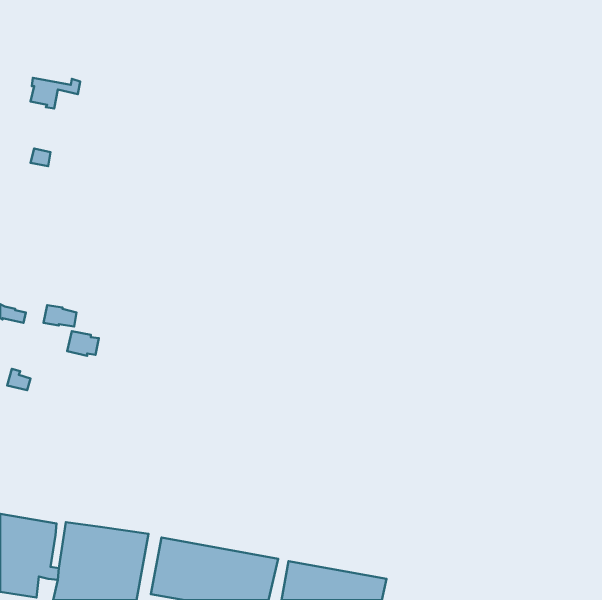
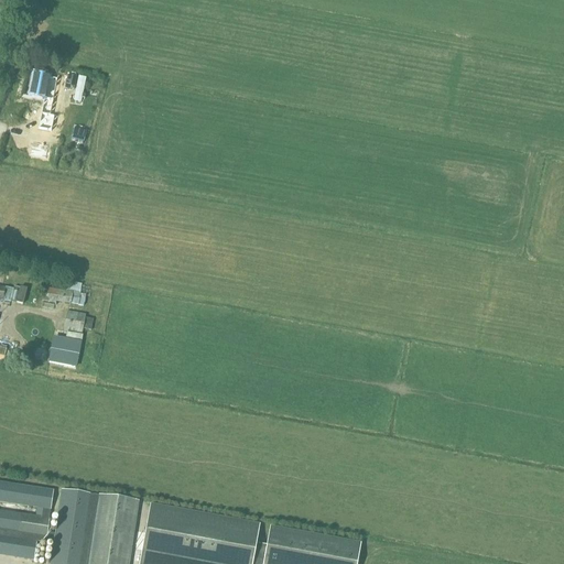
building: none -> [48,336,80,366]

